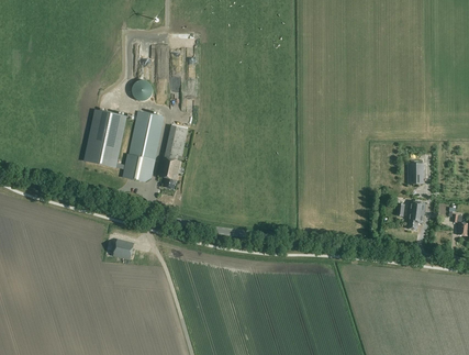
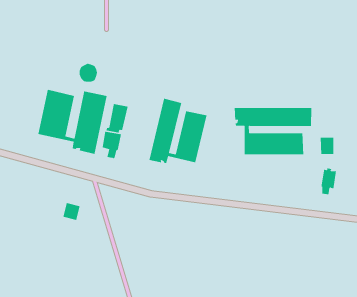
building: none -> [149,98,207,164]
building: none -> [234,107,312,155]

